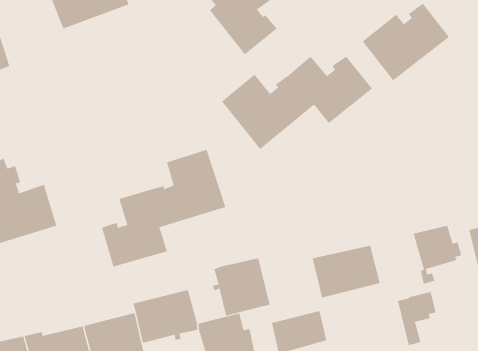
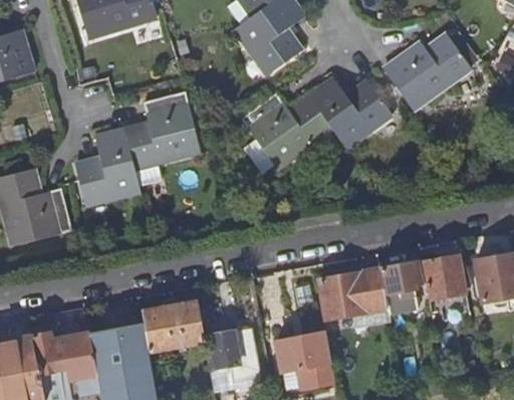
building: [101,149,226,267] -> [76,91,201,202]
building: [212,258,270,316] -> none
building: [397,292,437,346] -> [381,261,420,314]

